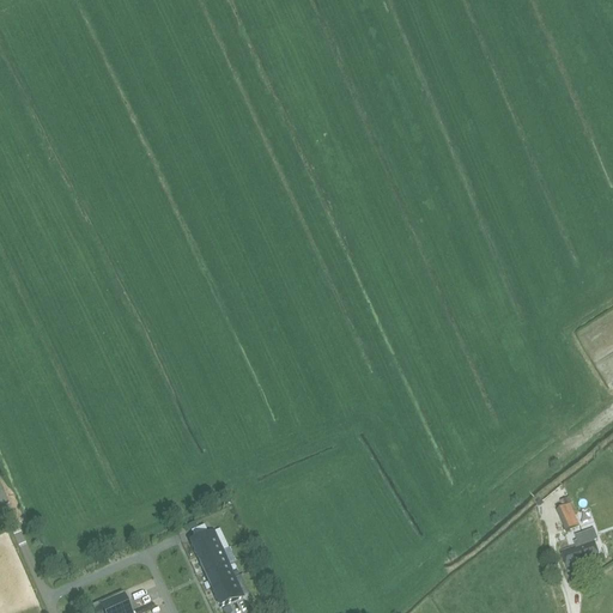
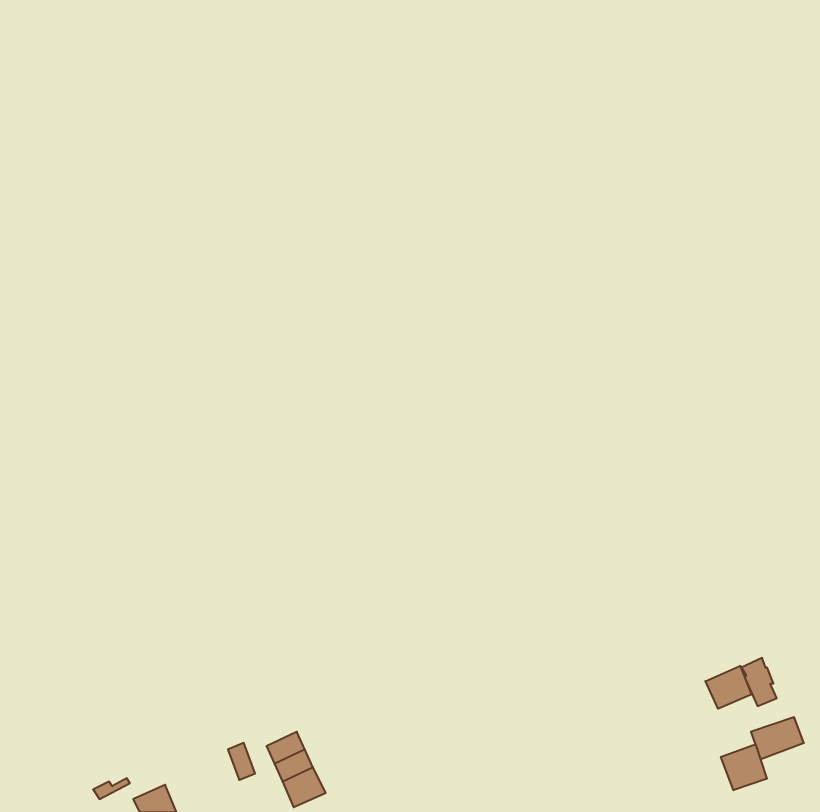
building: none -> [705,666,751,709]
building: [189,526,221,557] -> none
building: none -> [721,744,767,790]

